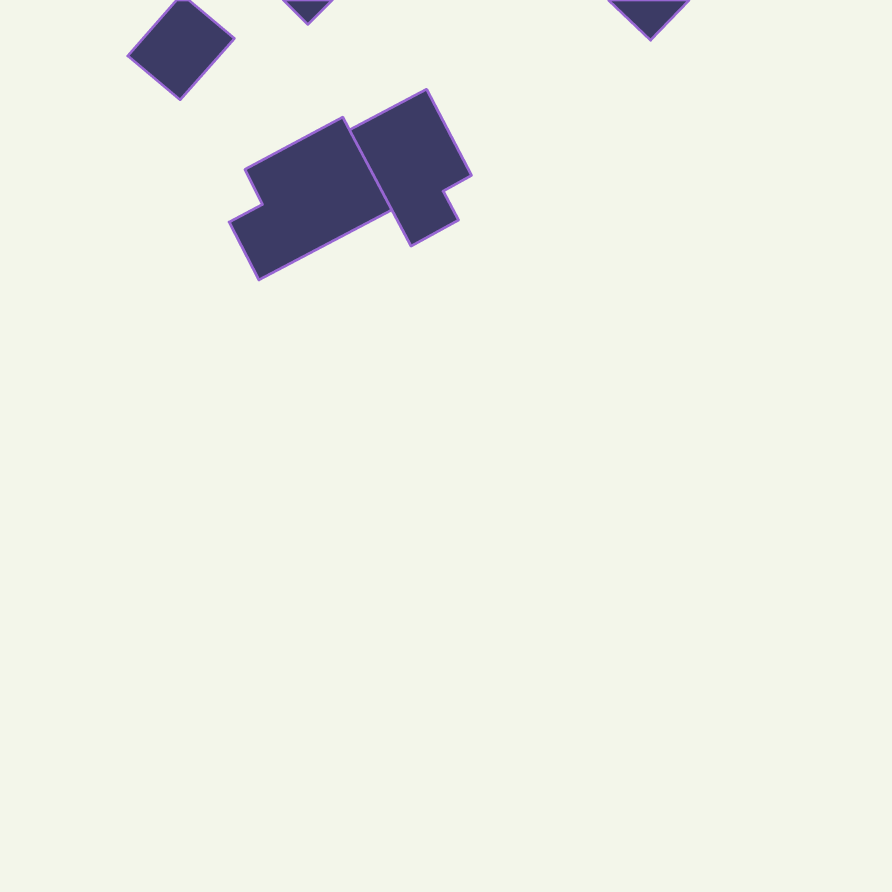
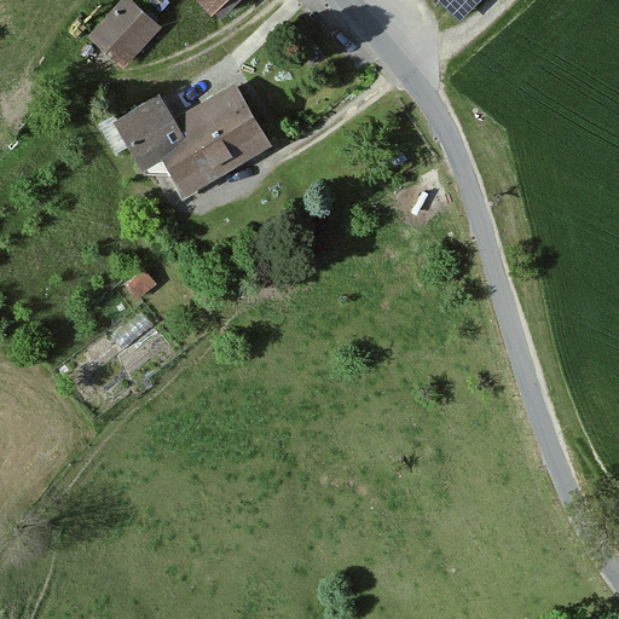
building: [349,89,471,246] -> none
building: none -> [111,94,183,167]

